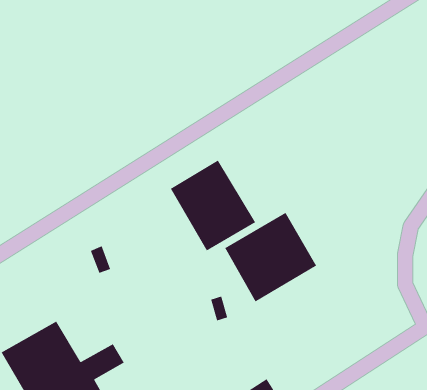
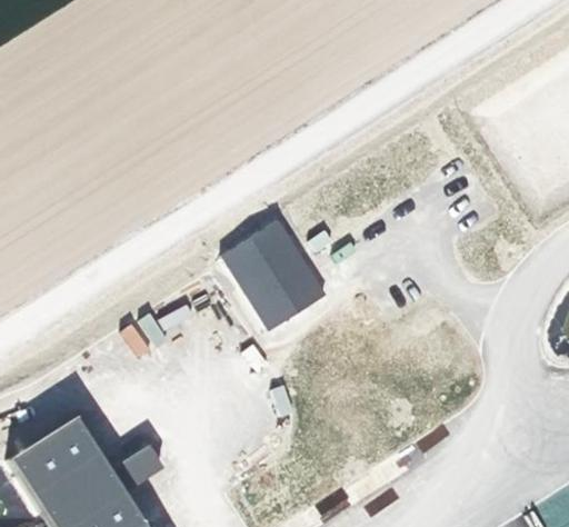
building: [224,212,317,302] -> none

